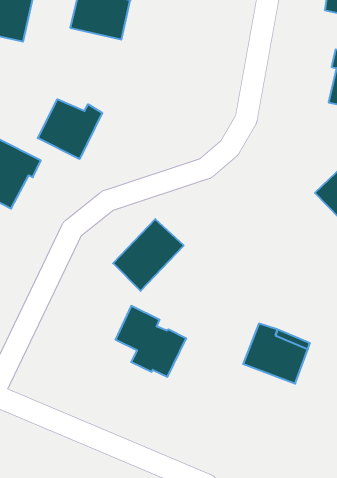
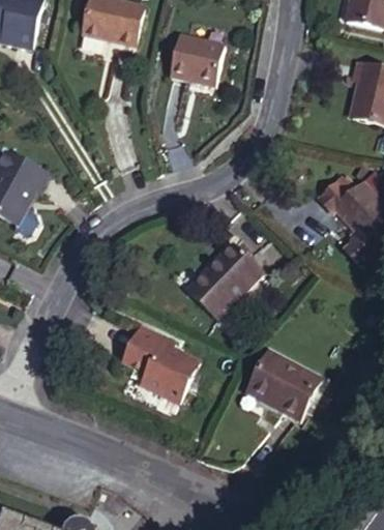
building: none -> [166,32,219,85]
building: [38,99,102,159] -> none
building: [113,219,184,291] -> [193,244,267,320]

